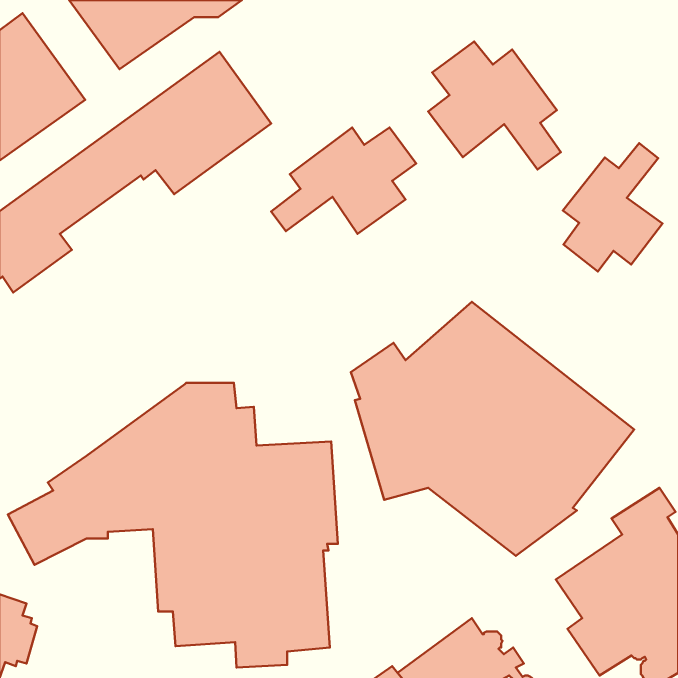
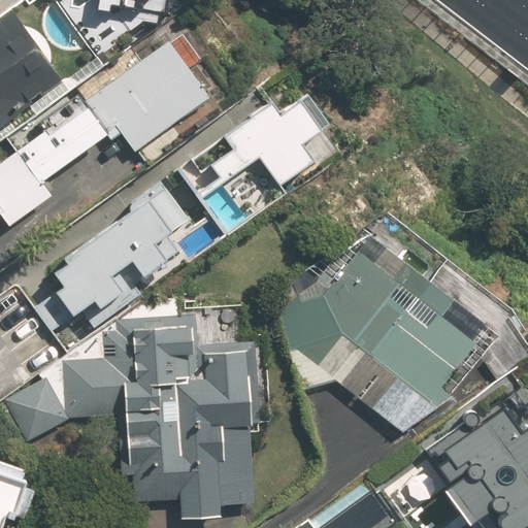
building: [428,41,561,169] -> none
building: [563,143,662,271] -> none
building: none -> [51,178,191,326]

